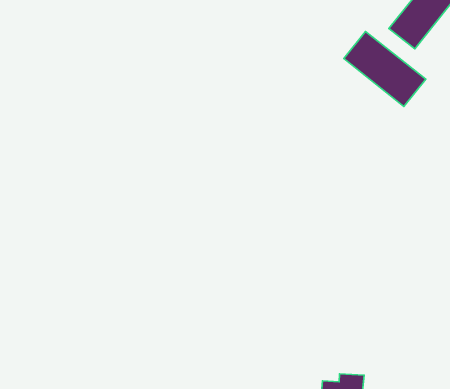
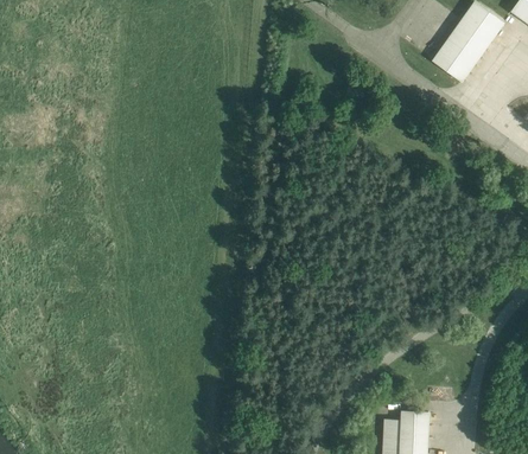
building: [344,31,426,106] -> none

